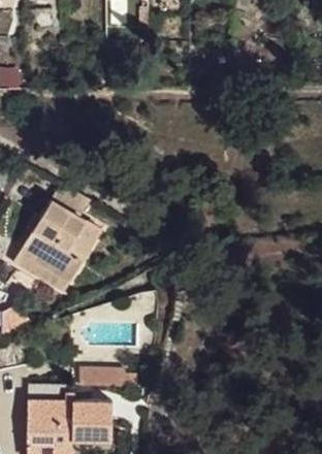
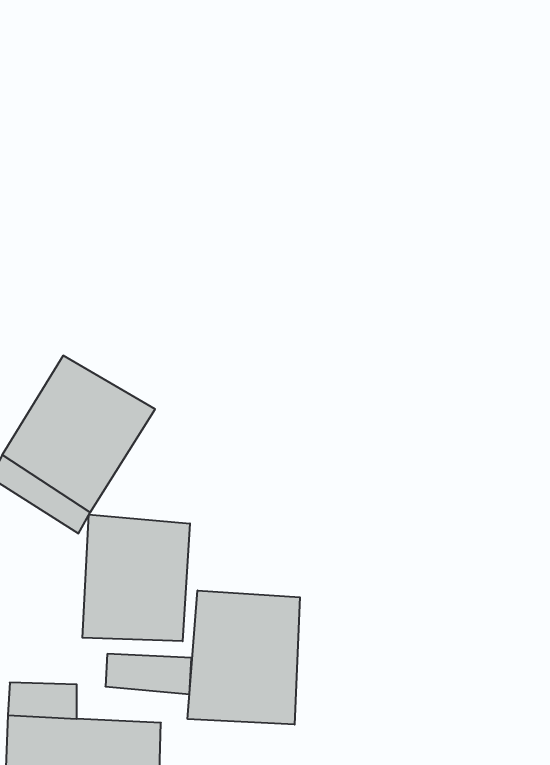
building: none -> [82,515,190,641]
building: none -> [188,590,300,725]

